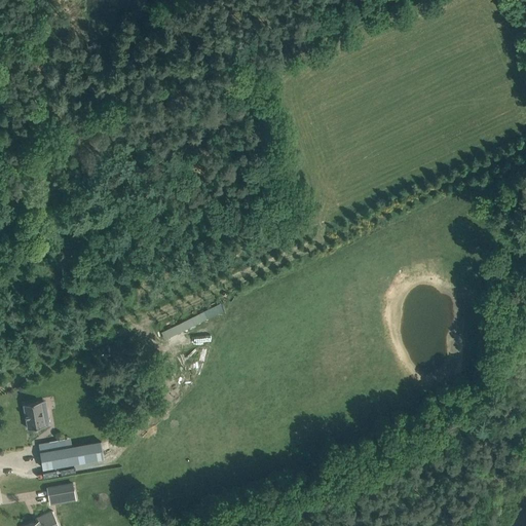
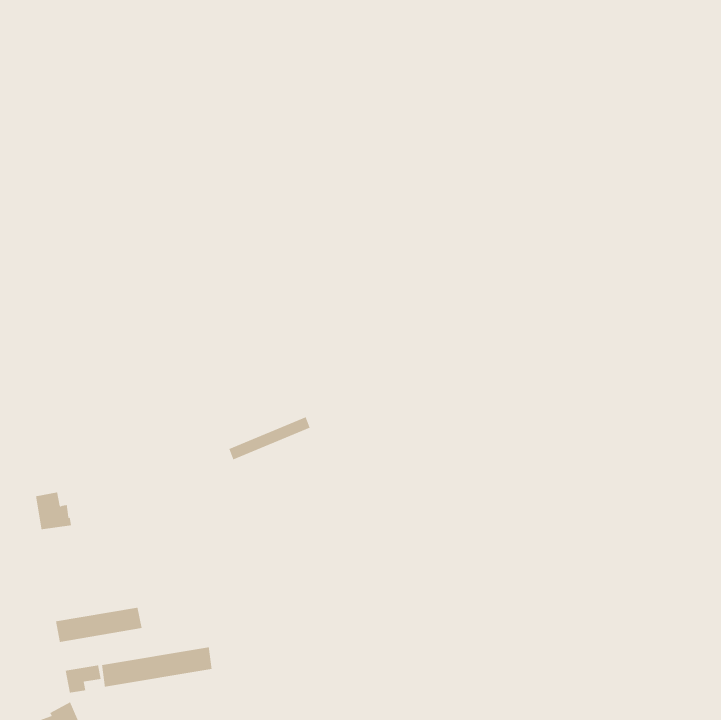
building: [24,402,50,429] -> [35,492,72,530]
building: none -> [101,646,212,687]

